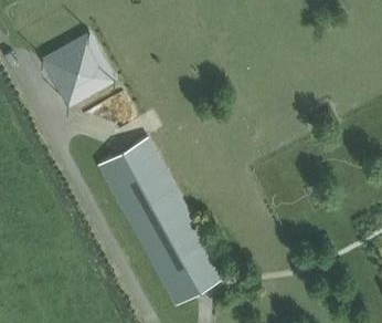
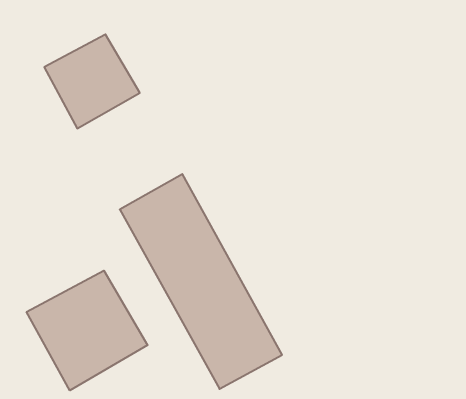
building: none -> [27,271,148,390]

